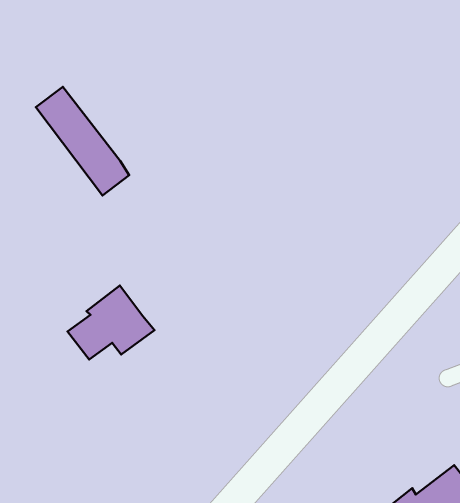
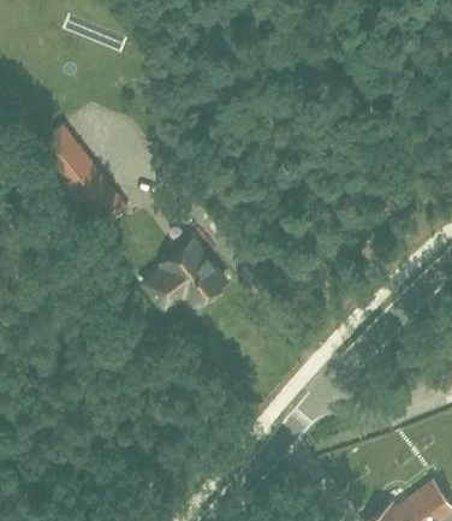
building: [67,285,154,360] -> [147,241,228,310]

